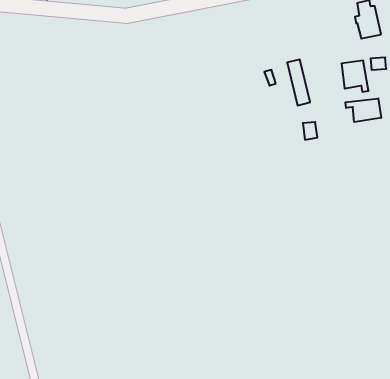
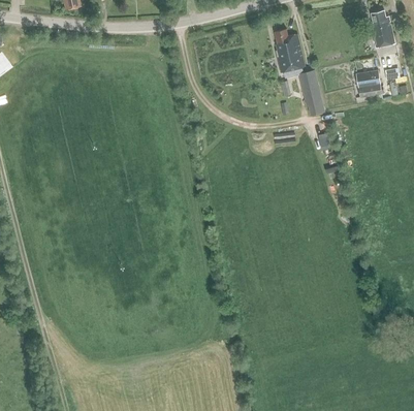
building: none -> [274,29,305,72]
building: [345,98,381,122] -> none

